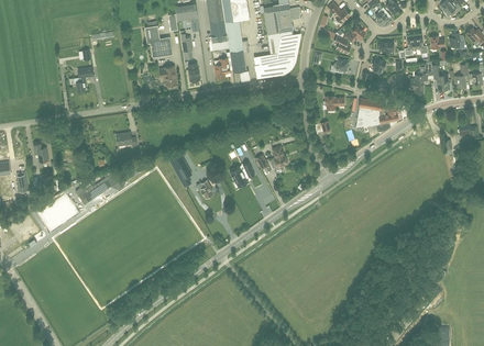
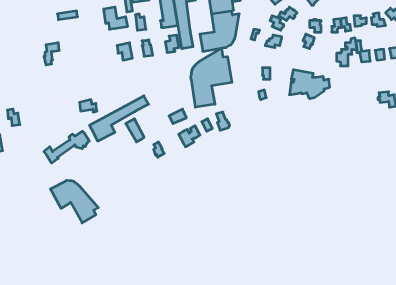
building: none -> [191,48,232,107]
building: none -> [90,96,149,141]
building: none -> [50,180,98,223]

